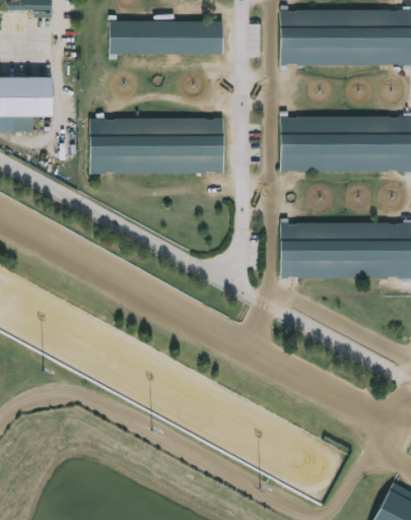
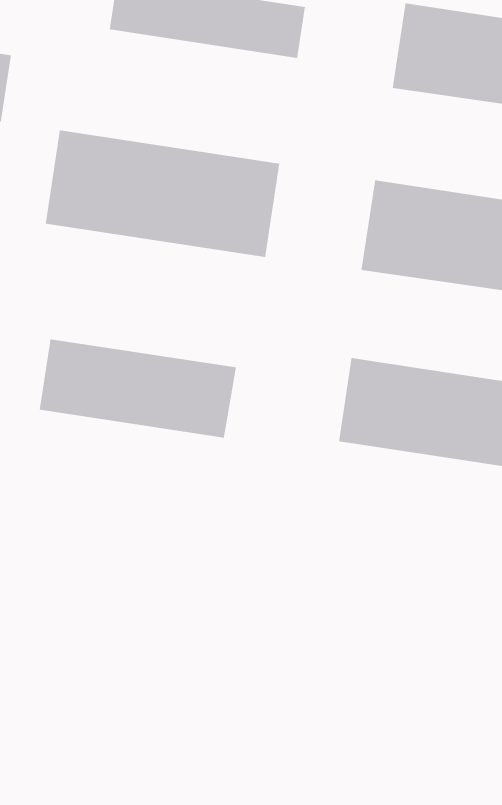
building: none -> [39,339,237,438]

